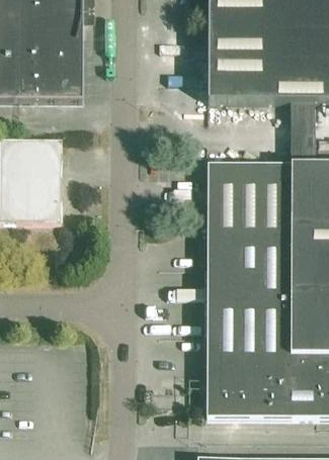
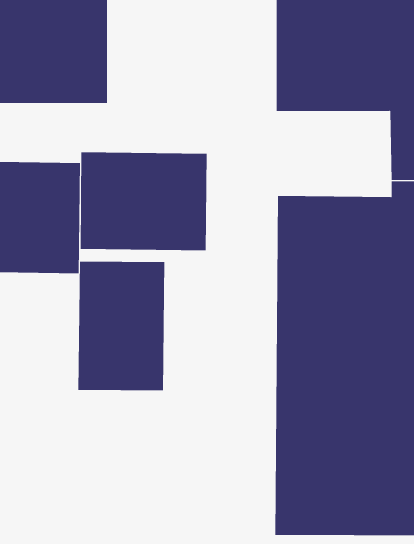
building: none -> [80,152,207,251]
building: none -> [78,261,165,391]

